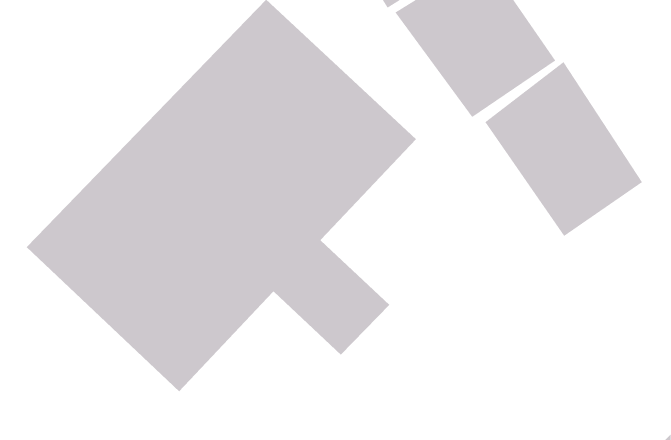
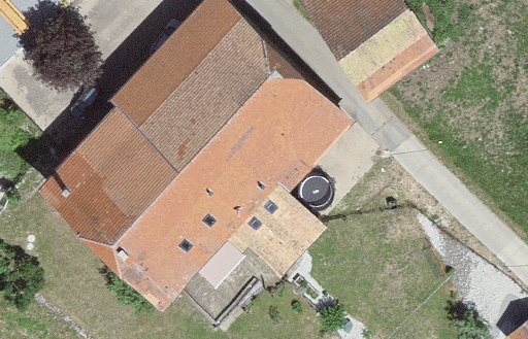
building: [485,61,643,237] -> none

